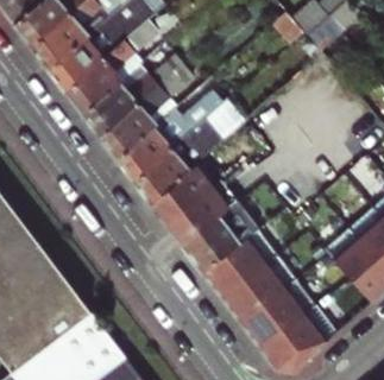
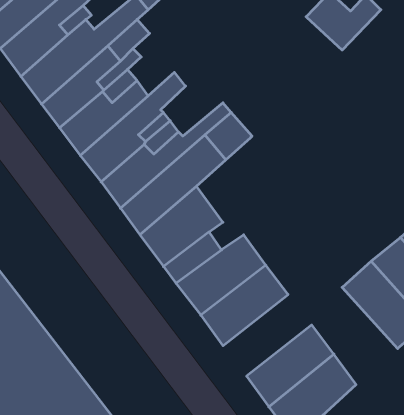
building: [222,254,298,324] -> none

